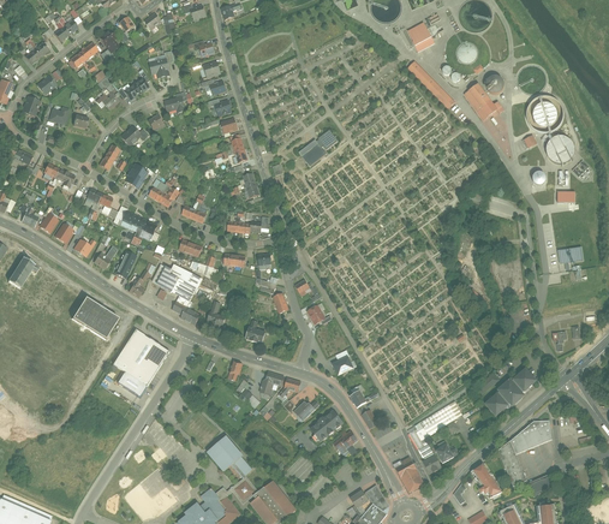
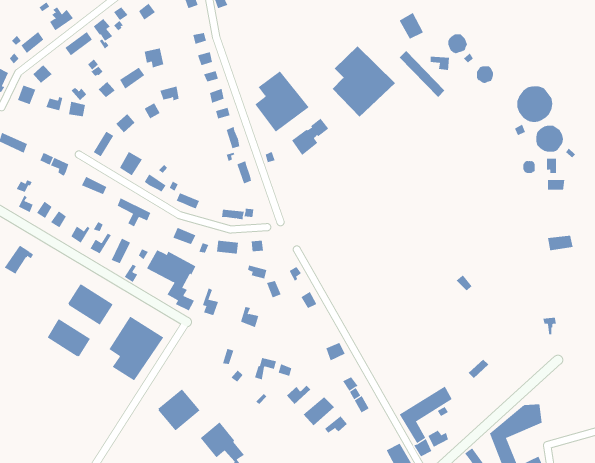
building: none -> [332,46,396,117]
building: none -> [254,71,309,132]
building: [464,83,496,119] -> none
building: none -> [47,318,90,358]
building: [485,368,537,415] -> none
building: none -> [157,388,200,431]

